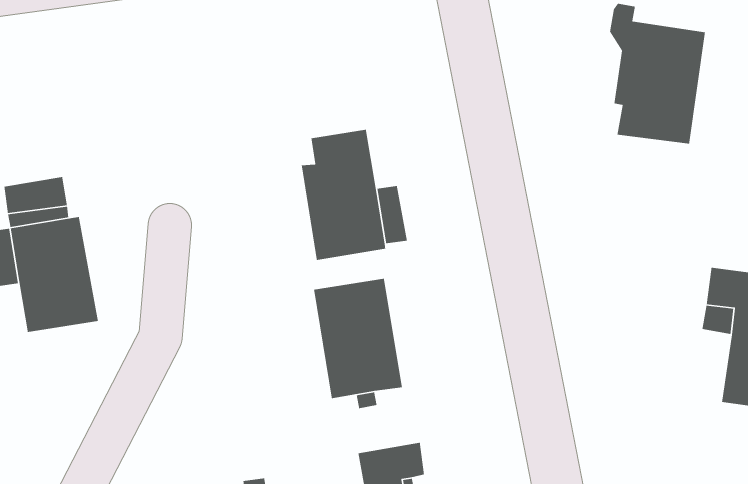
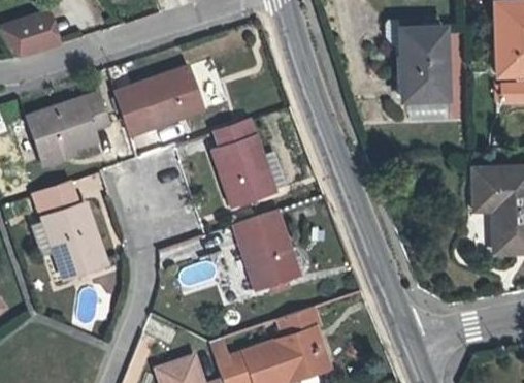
building: none -> [114,68,202,134]
building: none -> [27,94,109,166]

